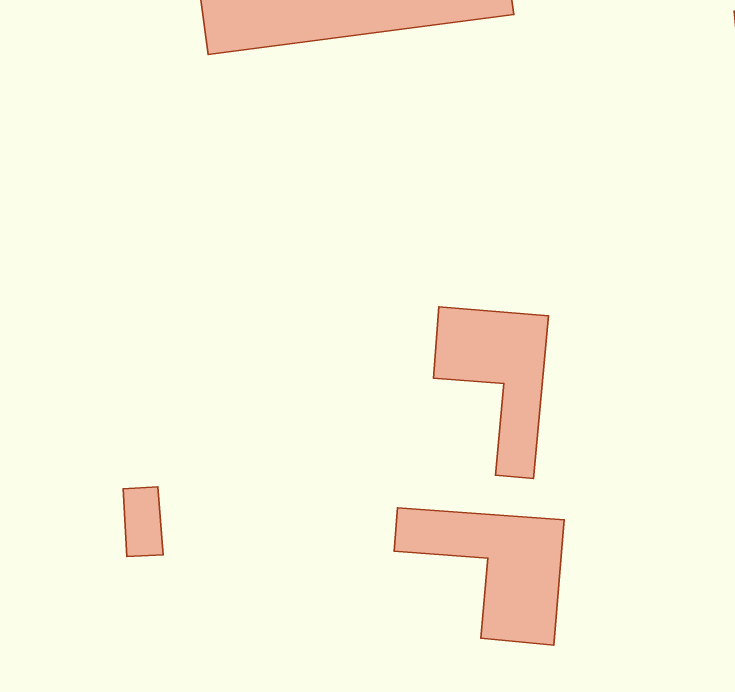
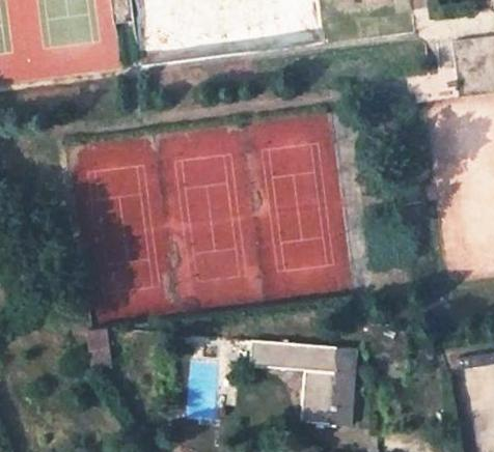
building: [434,307,548,478] -> none

